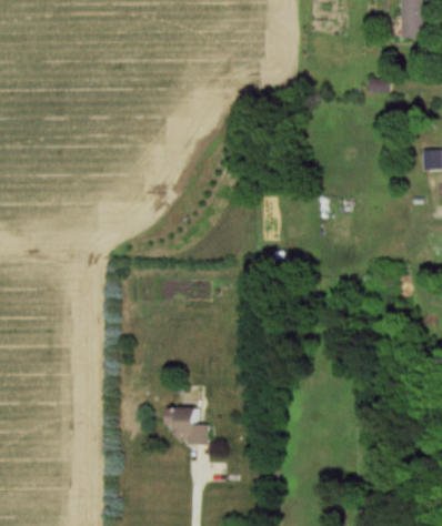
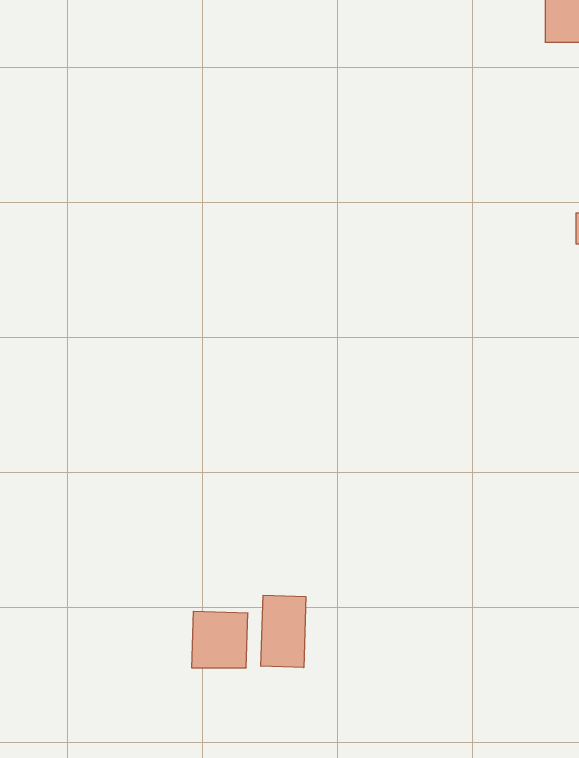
building: none -> [261,595,306,668]

